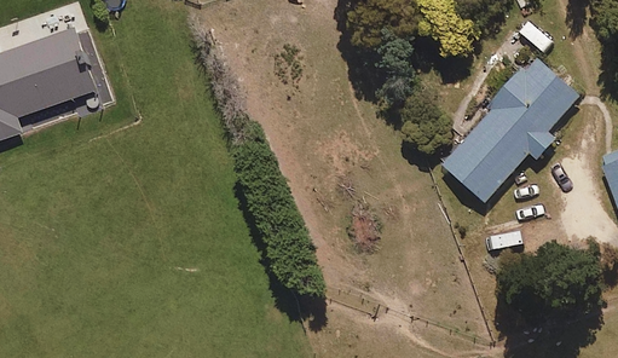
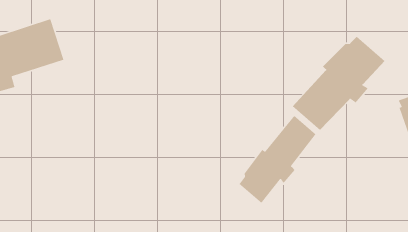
building: none -> [238,115,317,204]

